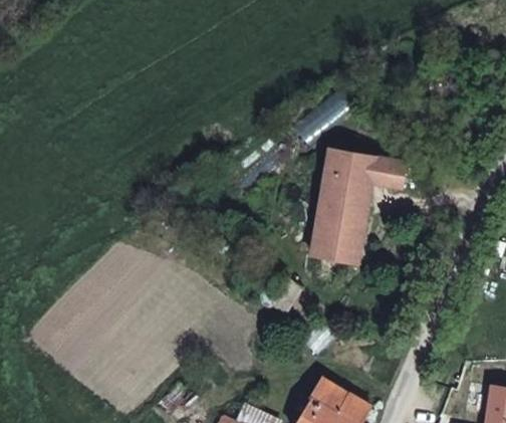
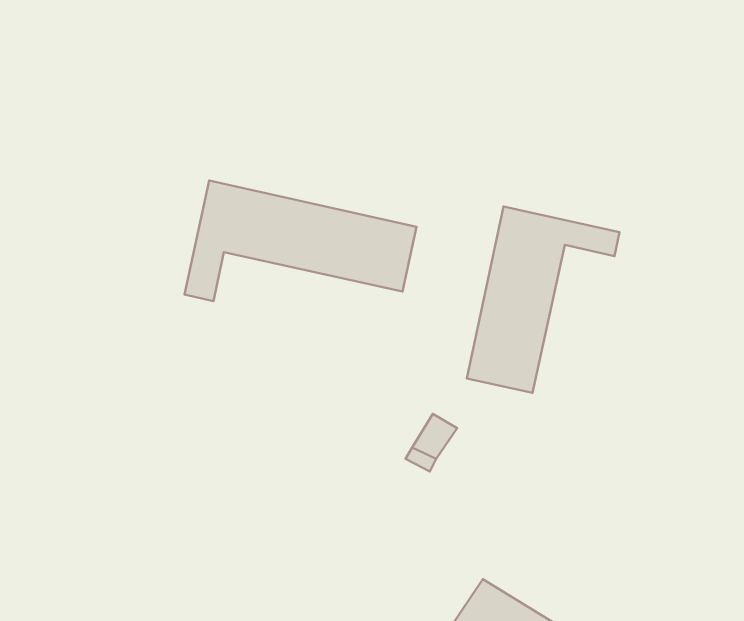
building: none -> [184,181,417,301]

